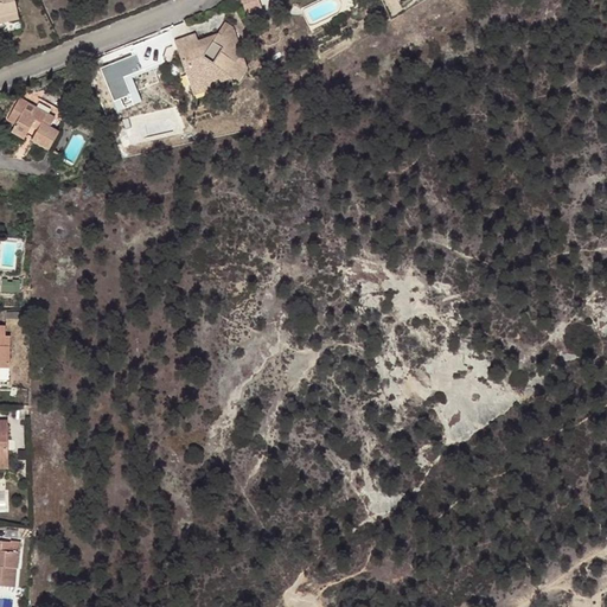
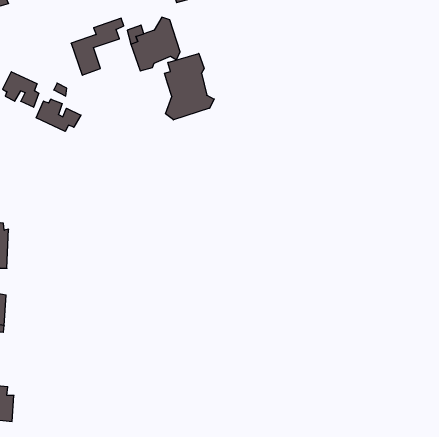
building: none -> [165,53,214,120]
building: none -> [36,99,81,131]

